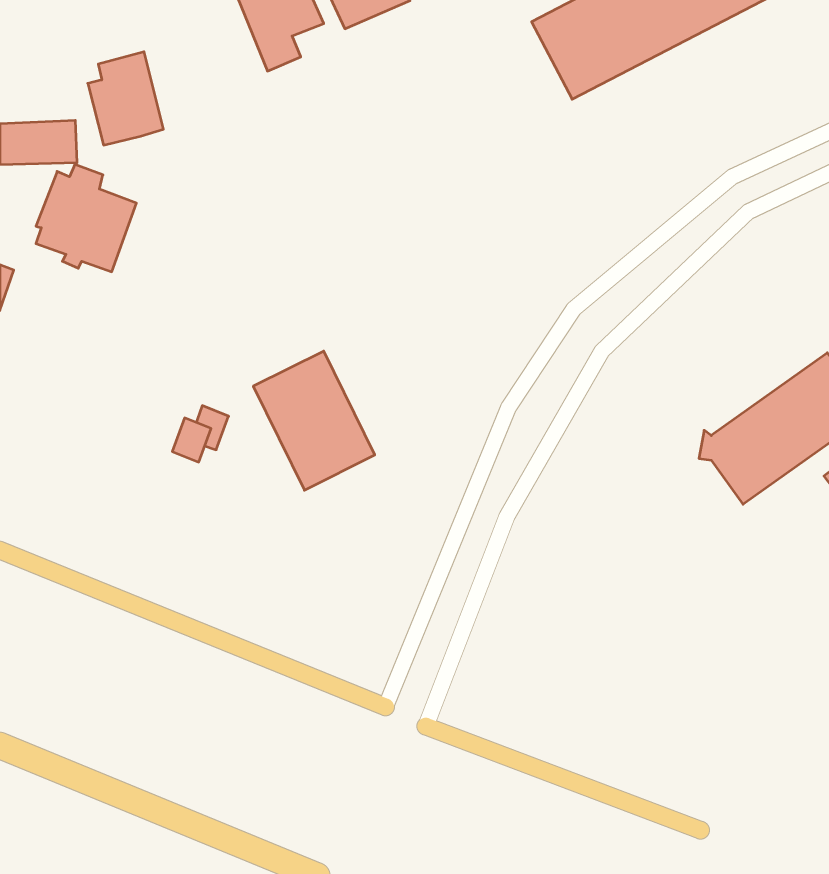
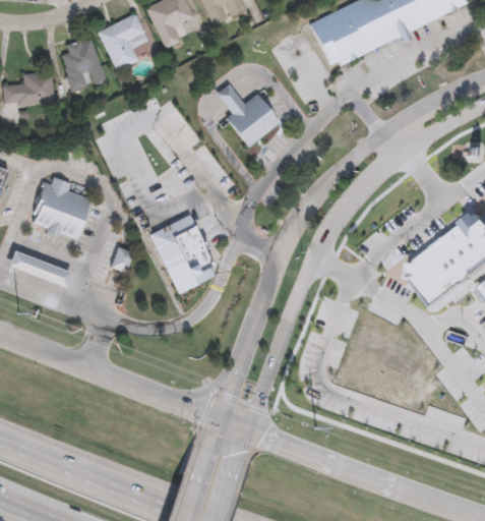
building: none -> [92,16,143,74]
building: none -> [222,82,283,149]
building: [36,164,136,272] -> [25,183,83,245]
building: none -> [9,248,72,286]

